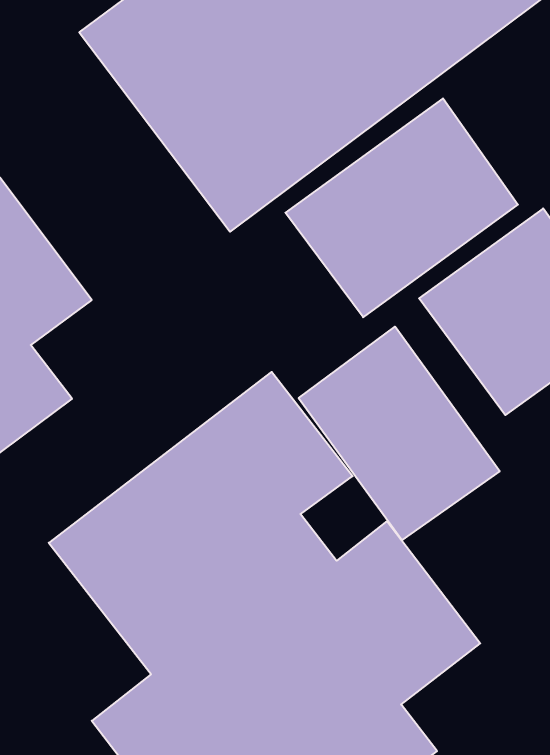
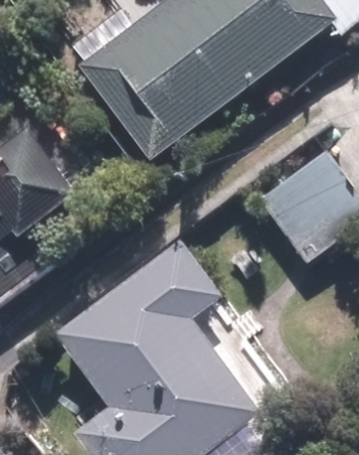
building: [285,98,518,317] -> none
building: [299,327,500,540] -> none

